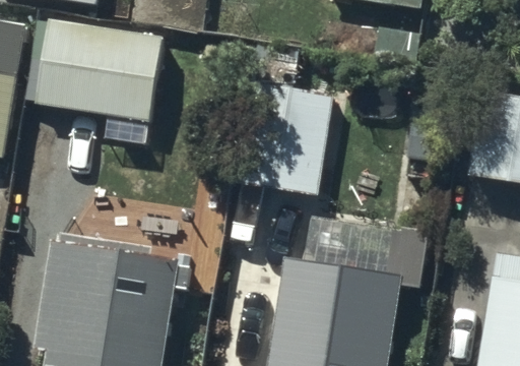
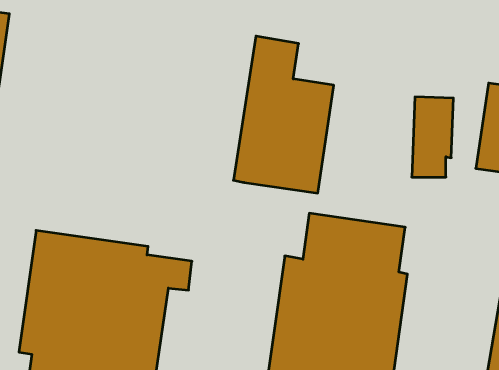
building: [36,35,162,115] -> none

